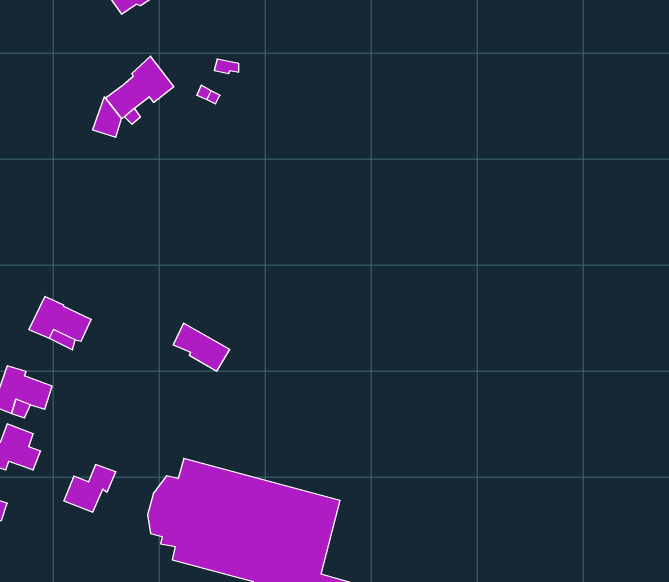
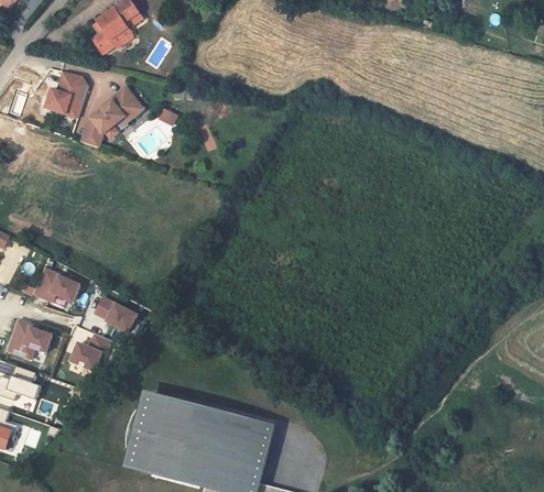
building: none -> [45,72,87,119]
building: [173,323,230,371] -> [94,297,137,334]
building: [64,465,116,512] -> [70,335,110,371]

